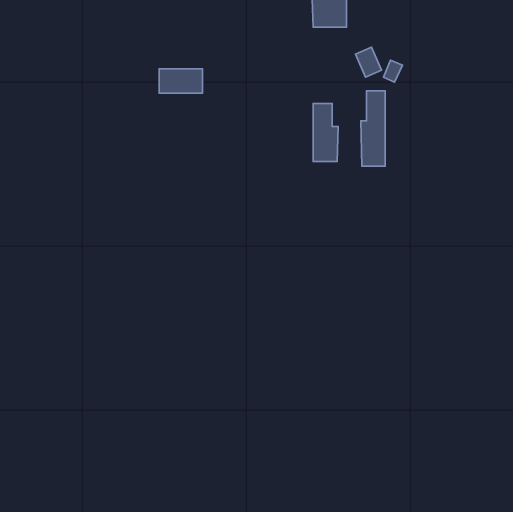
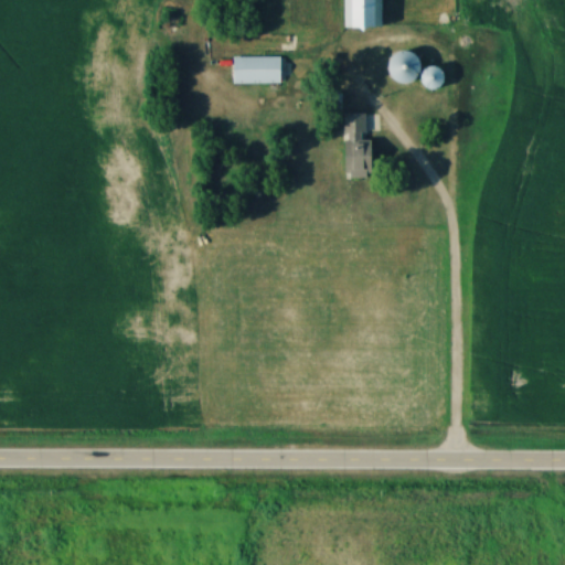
building: [159,69,202,93] -> [233,56,280,83]
building: [361,91,385,166] -> none

